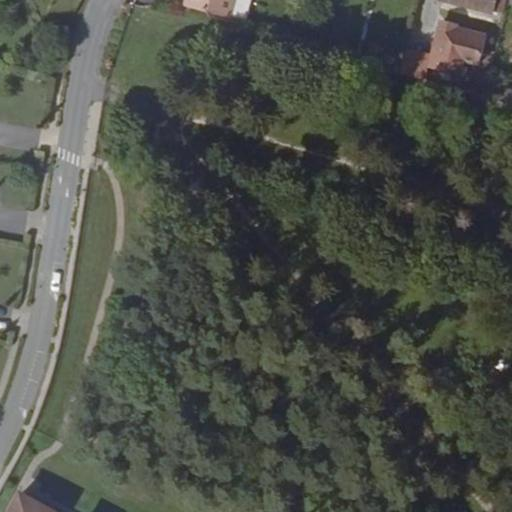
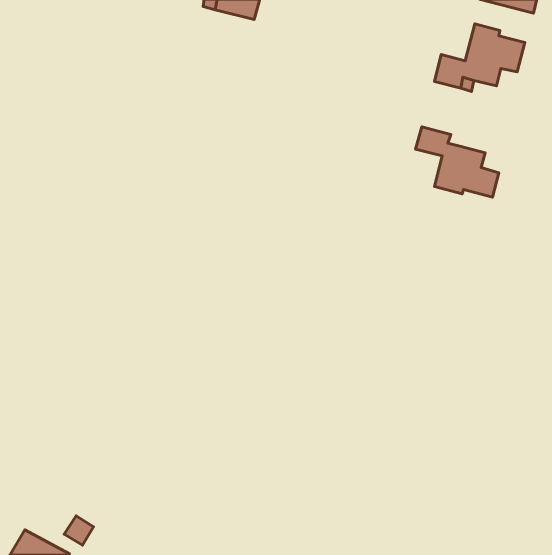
building: none -> [416,127,499,197]

